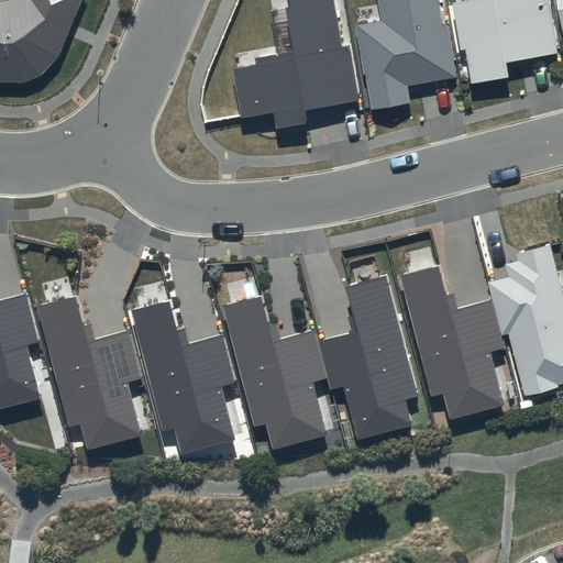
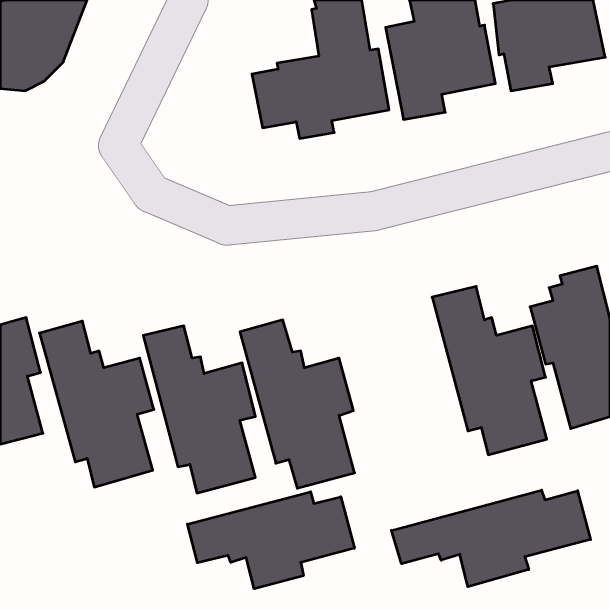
building: [319,276,419,440] -> none
building: none -> [391,490,591,587]
building: none -> [187,492,354,589]

